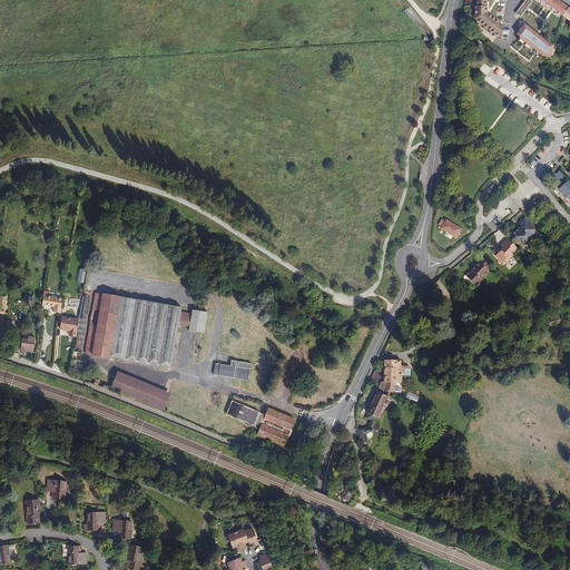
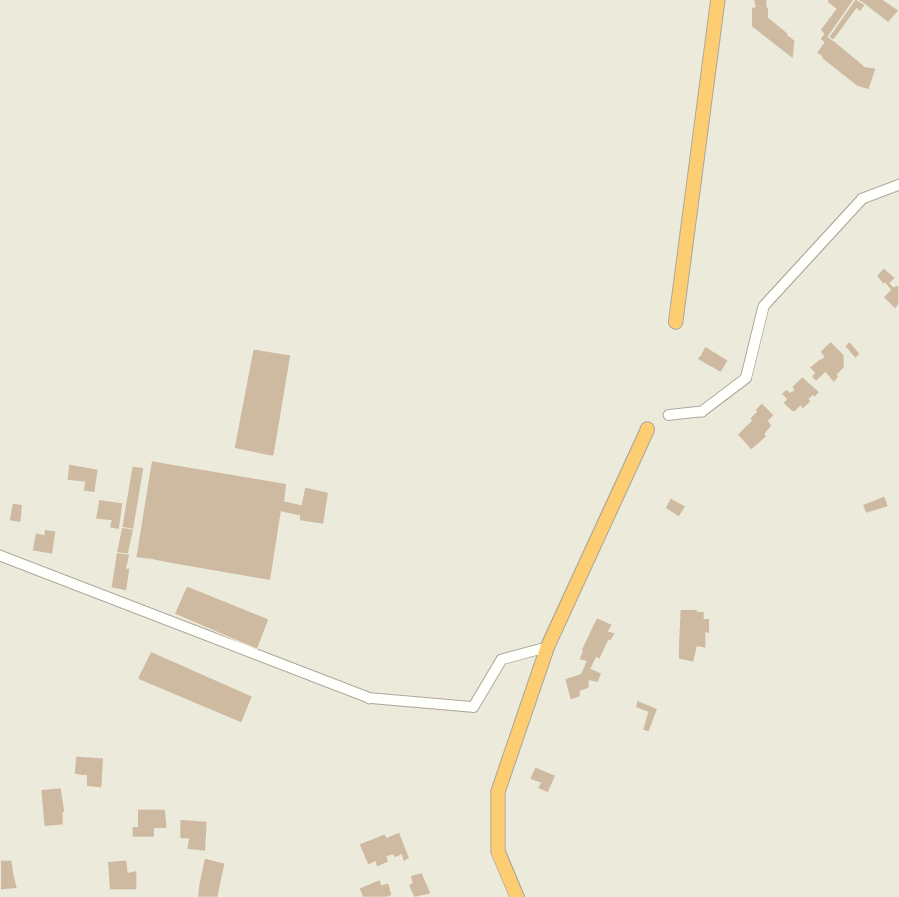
building: none -> [234,349,291,456]
building: [214,358,252,380] -> none
building: [384,358,404,392] -> [678,610,710,662]
building: [226,400,294,445] -> none
building: none -> [138,651,253,723]

